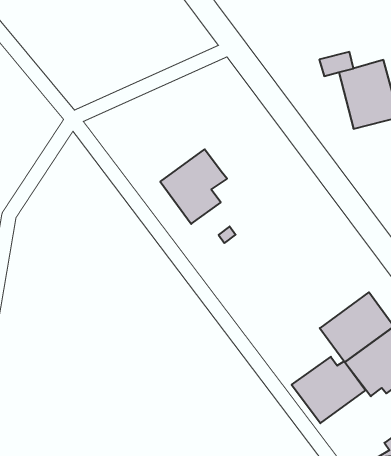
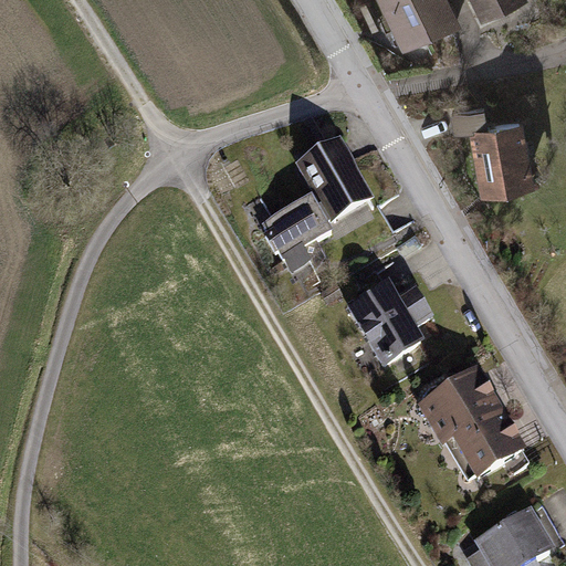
building: none -> [295,134,374,218]
building: none -> [346,281,431,368]
building: [292,357,365,423] -> none

